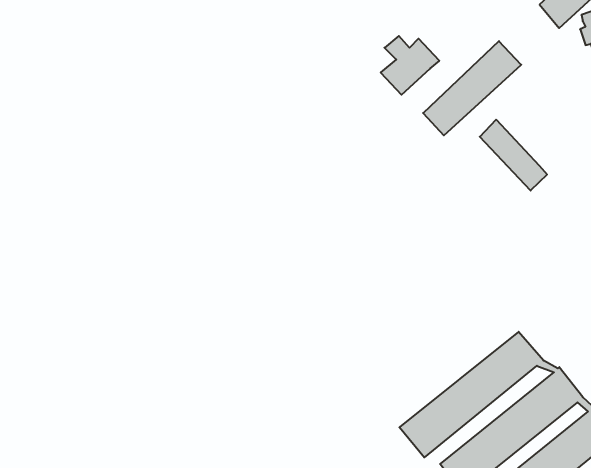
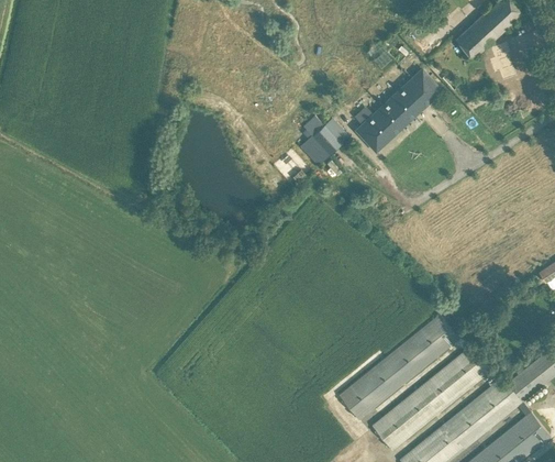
building: [381,36,439,95] -> [299,117,348,166]
building: [480,120,547,191] -> none

